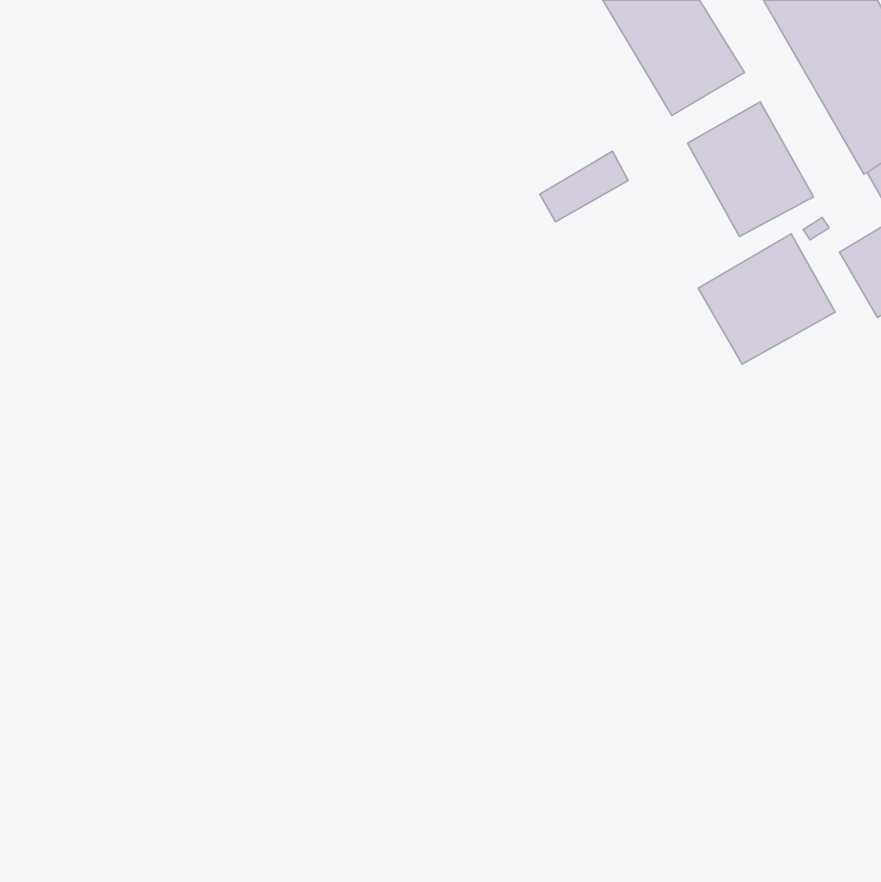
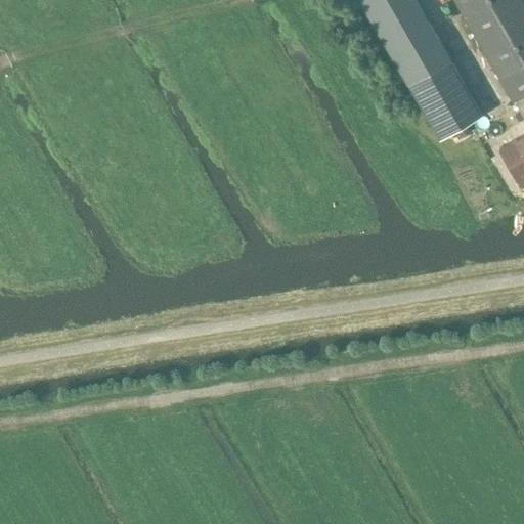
building: [540,151,628,222] -> [399,43,451,85]
building: [698,234,835,364] -> none

